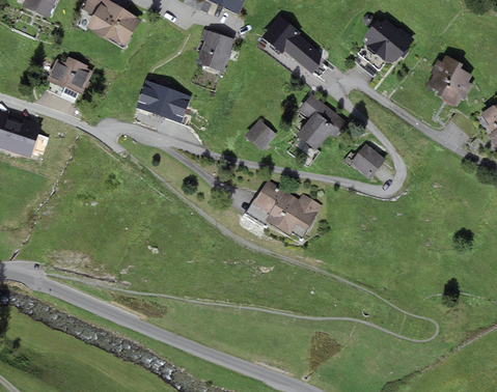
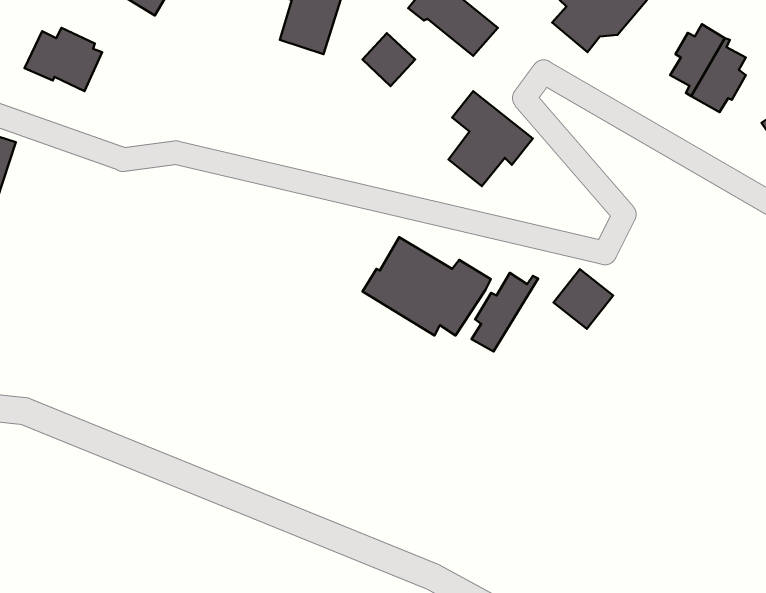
building: [136,80,191,123] -> none
building: [245,120,276,151] -> [362,33,415,86]
building: [351,144,386,179] -> [553,269,613,329]
building: none -> [472,273,538,351]

